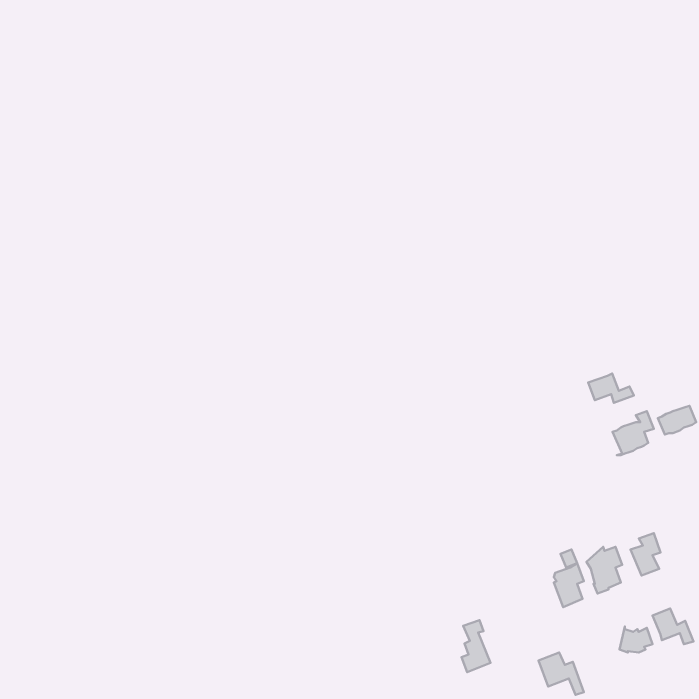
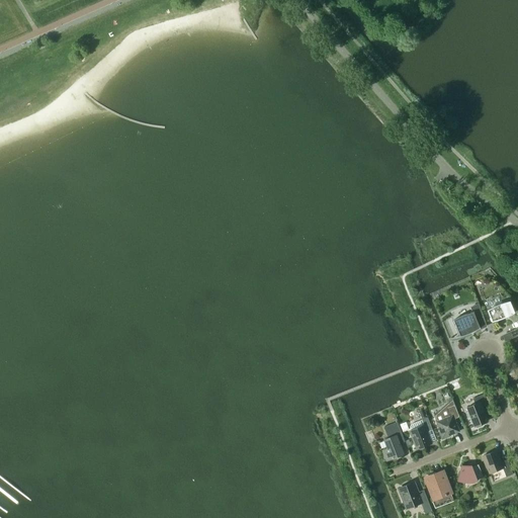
building: [588,373,634,403] -> none
building: [462,620,490,672] -> [381,422,403,460]
building: none -> [425,470,452,506]

